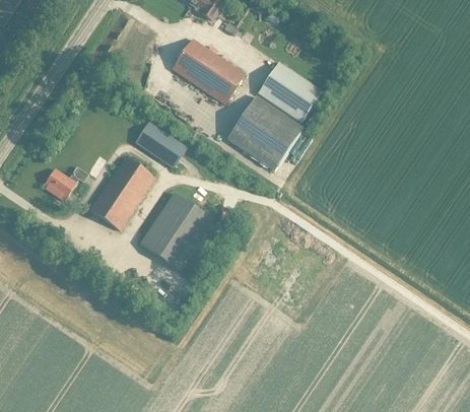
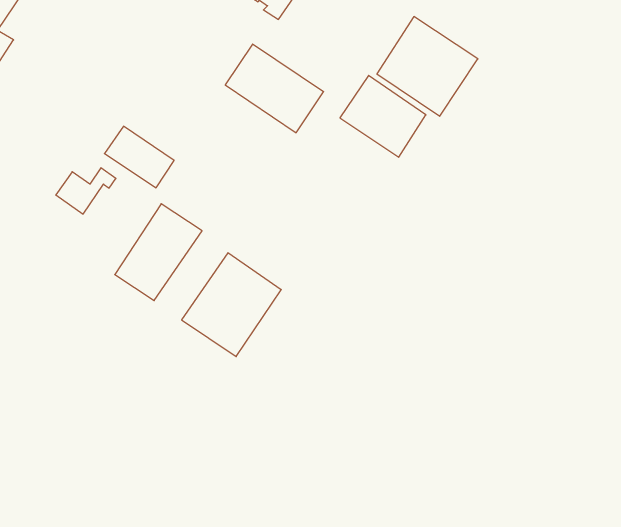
building: [227,95,303,169] -> [377,17,478,116]
building: [134,121,186,166] -> [104,126,174,188]
building: [43,165,87,200] -> [56,168,116,214]

